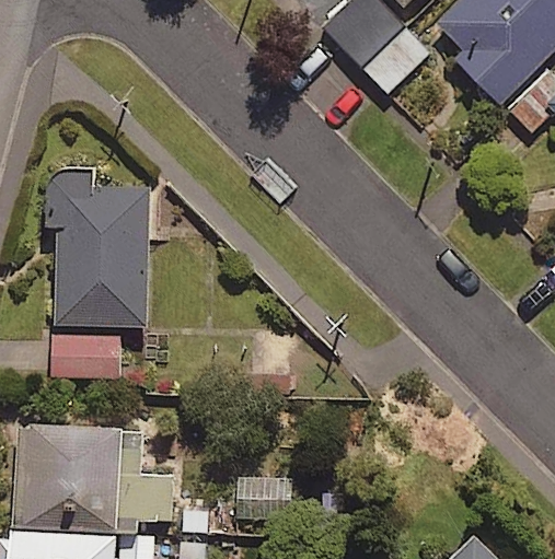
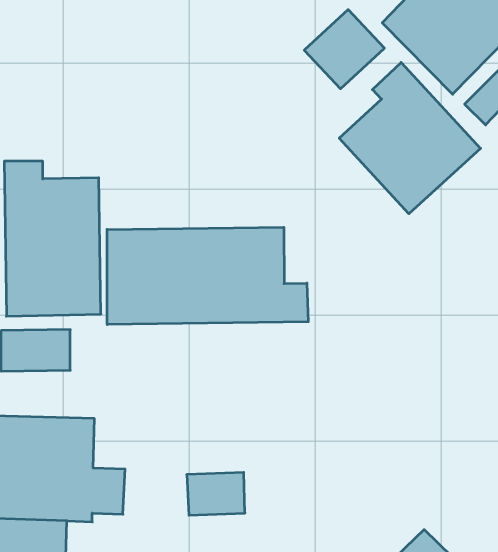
building: none -> [339,62,481,214]
building: none -> [107,227,308,325]

